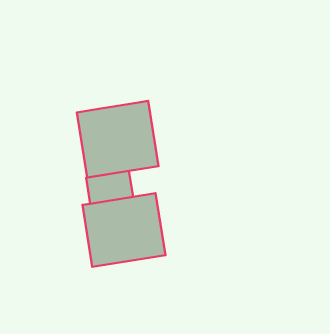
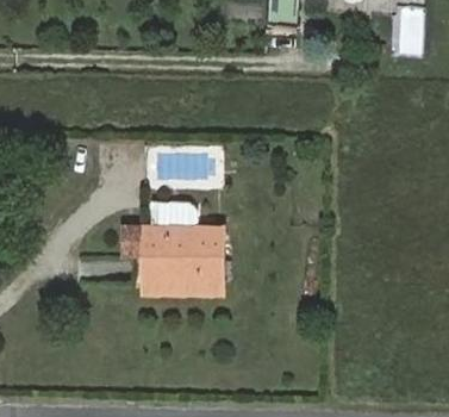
building: [77,101,159,178] -> none

